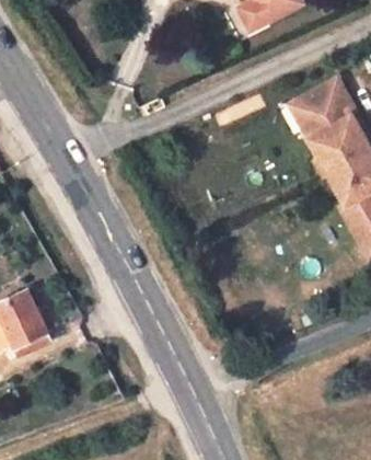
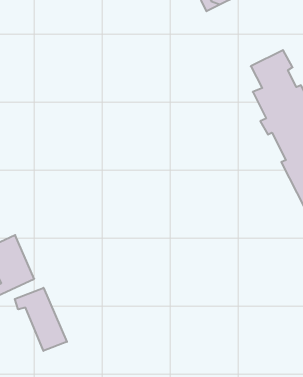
building: none -> [15,288,67,351]

